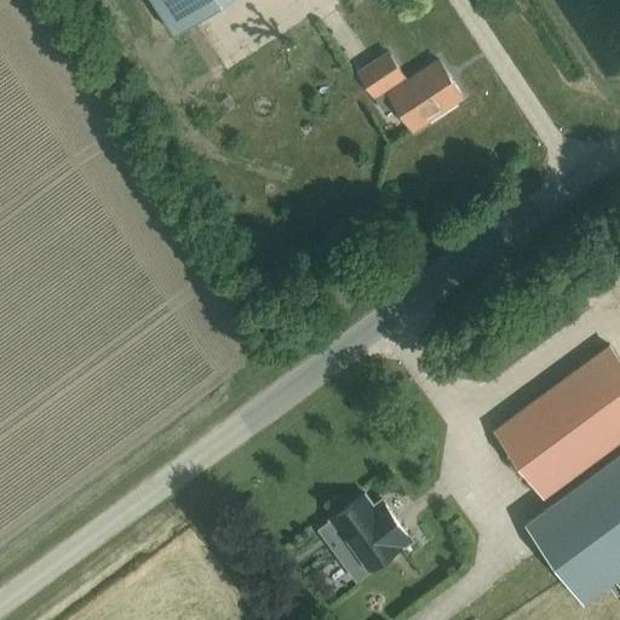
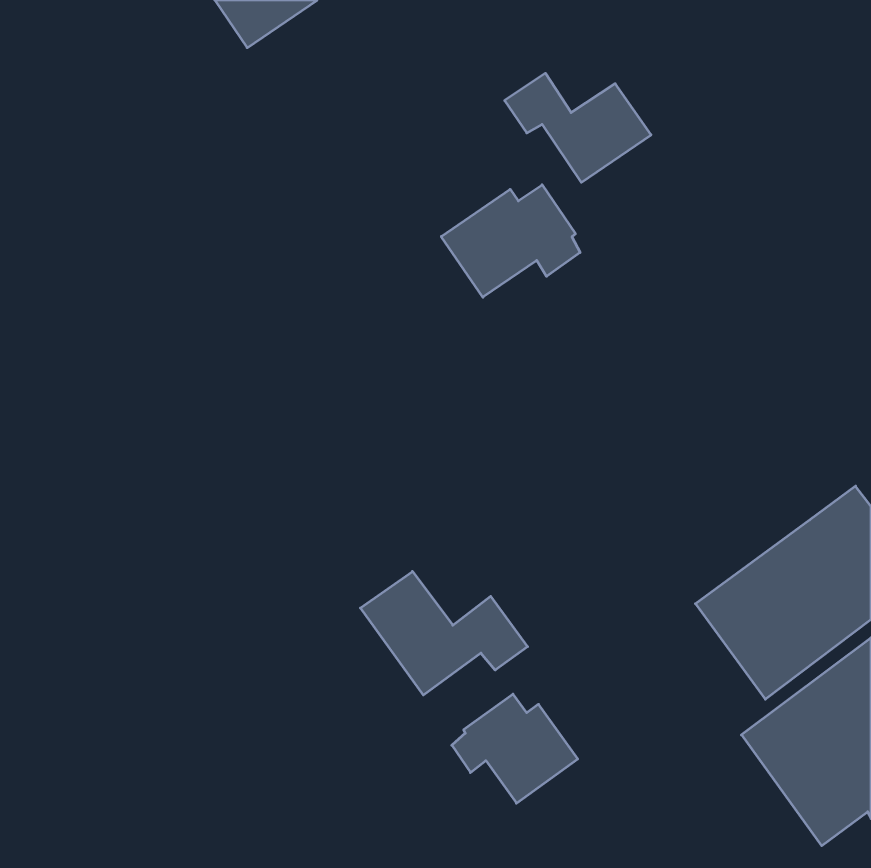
building: none -> [441,185,580,297]
building: none -> [360,571,528,695]

